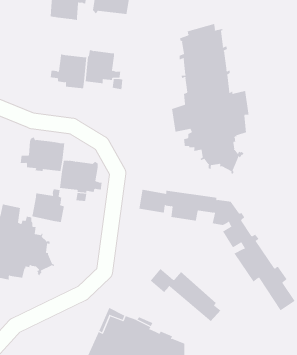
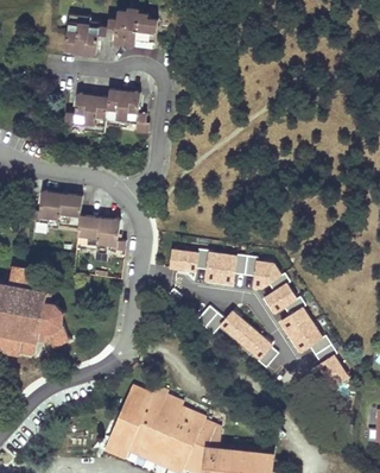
building: [172,23,249,175] -> none
building: [31,189,64,223] -> none
building: [150,268,221,322] -> [197,304,279,366]

